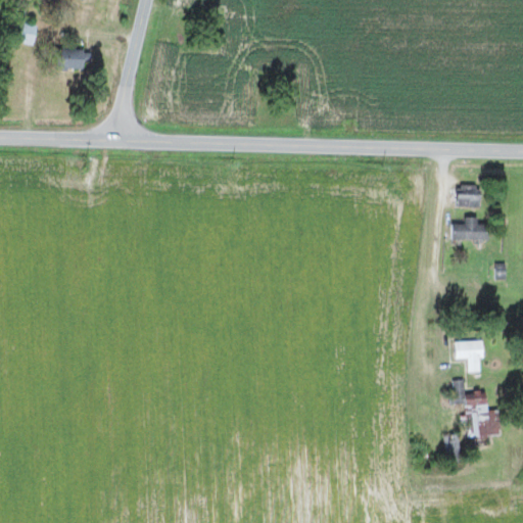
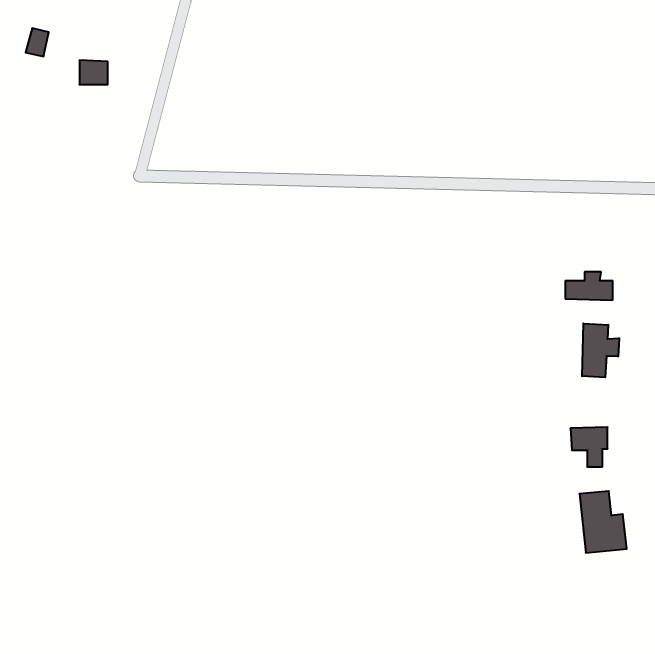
building: [460,185,481,207] -> none
building: none -> [582,323,619,377]

